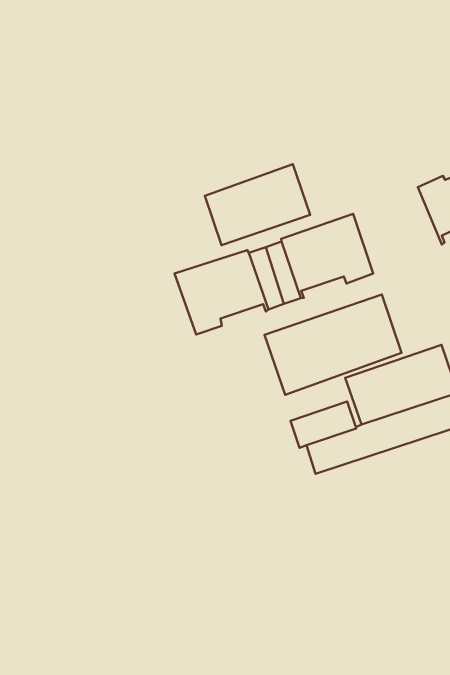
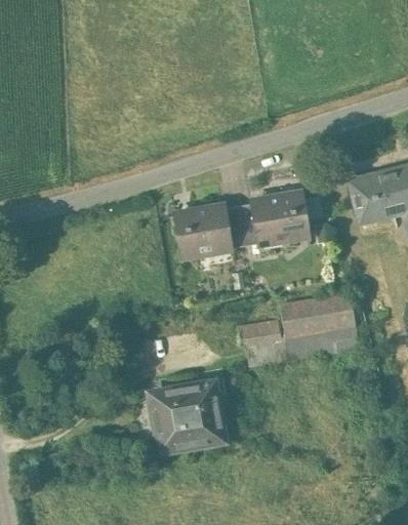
building: [205,164,310,245] -> none
building: [265,295,402,395] -> none
building: none -> [152,378,229,462]

